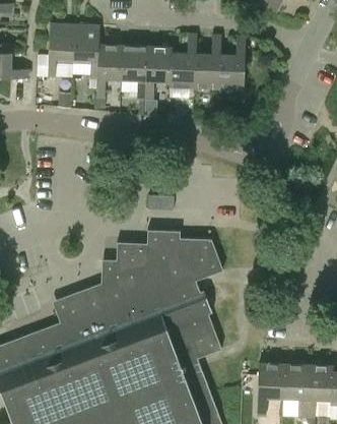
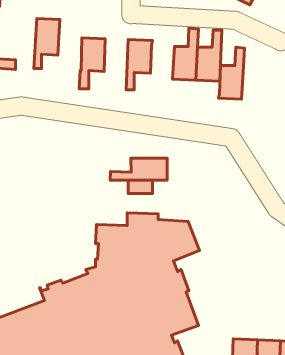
building: [73,26,99,80] -> none
building: [170,35,197,89] -> [218,47,245,99]
building: [122,47,147,101] -> none
building: none -> [110,158,167,180]

